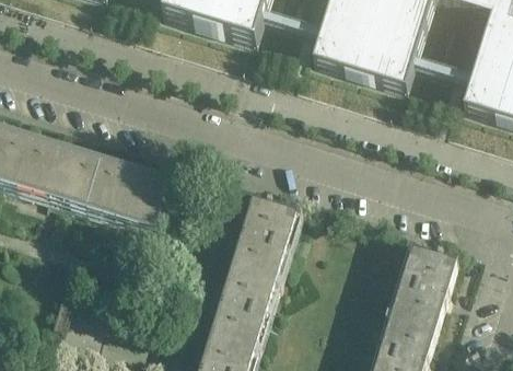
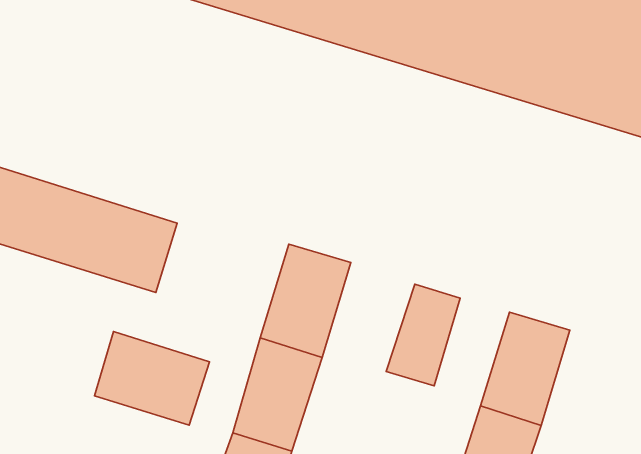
building: none -> [386,284,460,386]
building: none -> [94,332,209,425]

